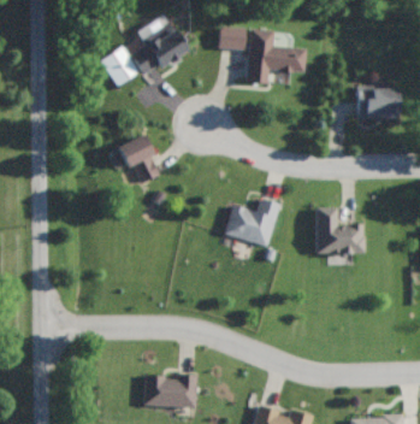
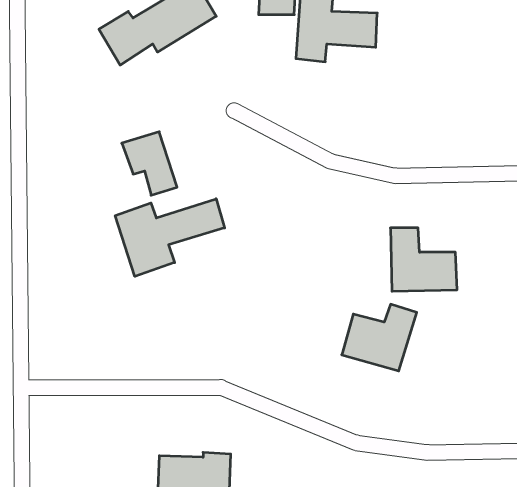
building: [356,87,398,120] -> none
building: none -> [115,199,225,276]
building: [224,198,279,247] -> [342,304,417,371]

